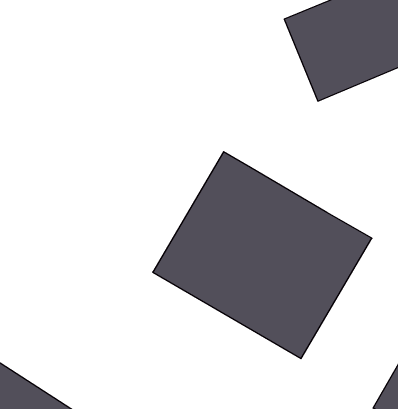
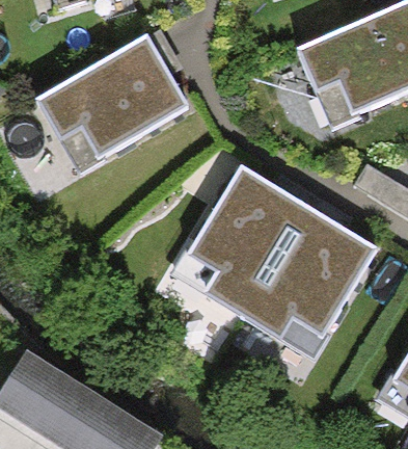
building: none -> [38,32,189,166]

